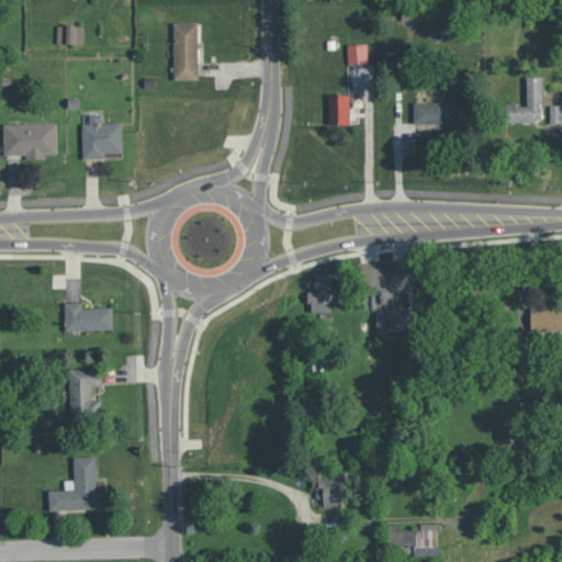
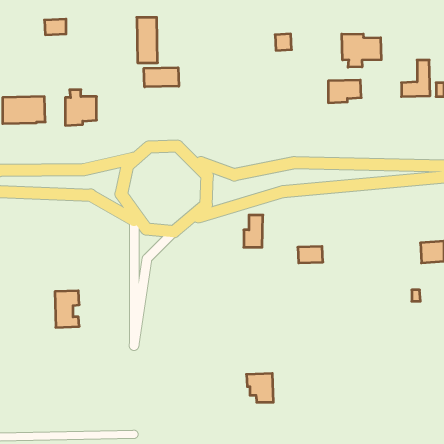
building: none -> [342,34,381,67]
building: none -> [144,68,179,87]
building: [328,94,349,125] -> none
building: [65,303,113,330] -> none
building: [48,457,105,510] -> none
building: [387,524,439,557] -> none

